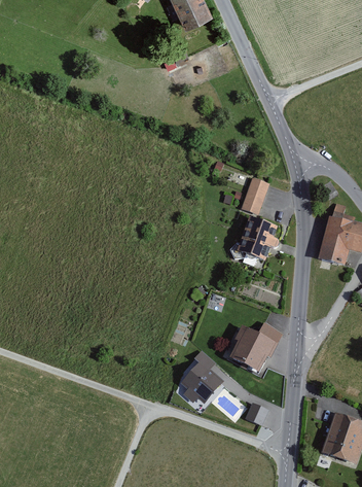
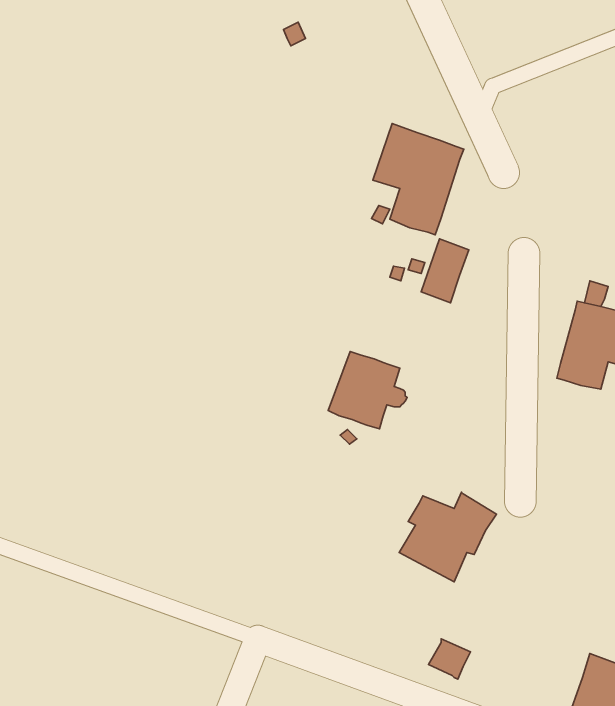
building: none -> [373,123,464,235]
building: [236,216,280,259] -> [328,352,407,429]
building: [180,350,223,402] -> none

